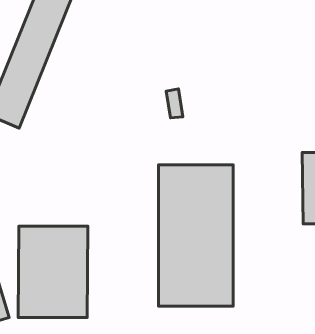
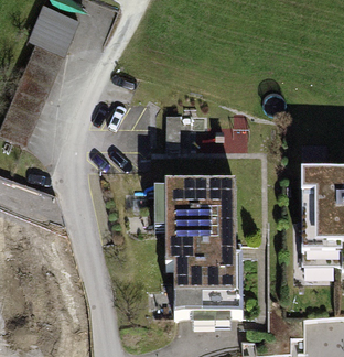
building: [18,226,88,317] -> none

